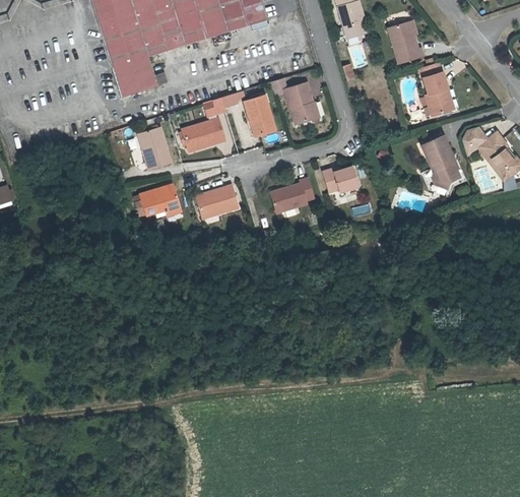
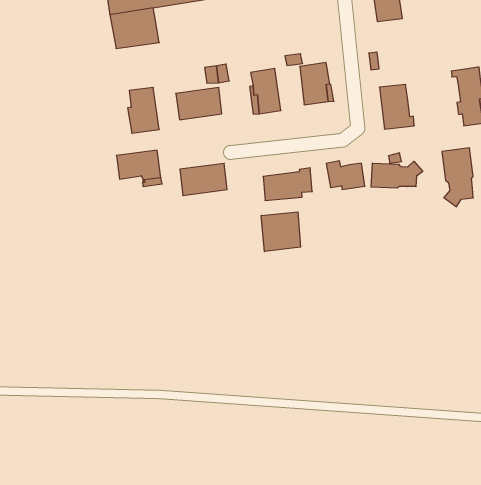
building: [389,23,425,65] -> [379,84,414,129]
building: none -> [371,161,423,188]
building: none -> [261,212,301,252]

